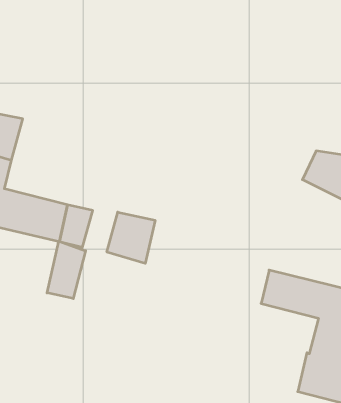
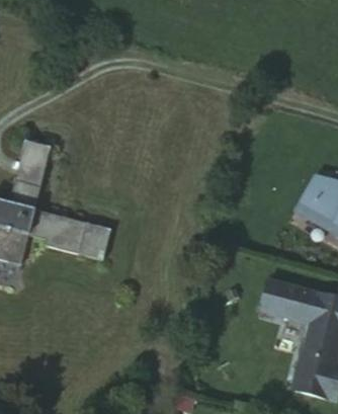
building: [107,212,155,263] -> none
building: [47,241,86,299] -> none

